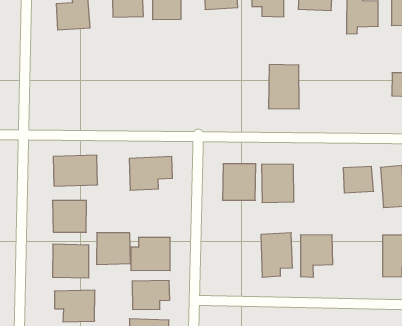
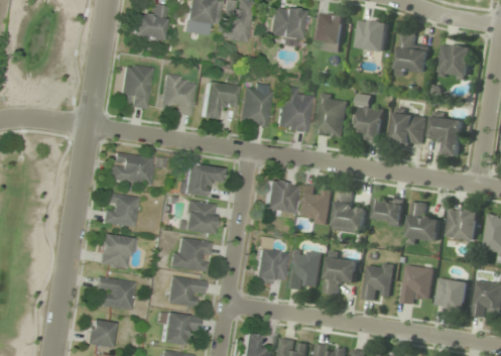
building: none -> [356,94,383,142]
building: none -> [118,63,151,108]
building: none -> [276,86,310,131]
building: none -> [159,74,193,114]
building: none -> [201,80,235,118]
building: none -> [239,87,270,125]
building: none -> [392,112,426,148]
building: none -> [334,191,368,234]
building: [97,233,130,265] -> [179,200,214,232]
building: none -> [364,261,394,301]
building: none -> [253,248,287,283]

